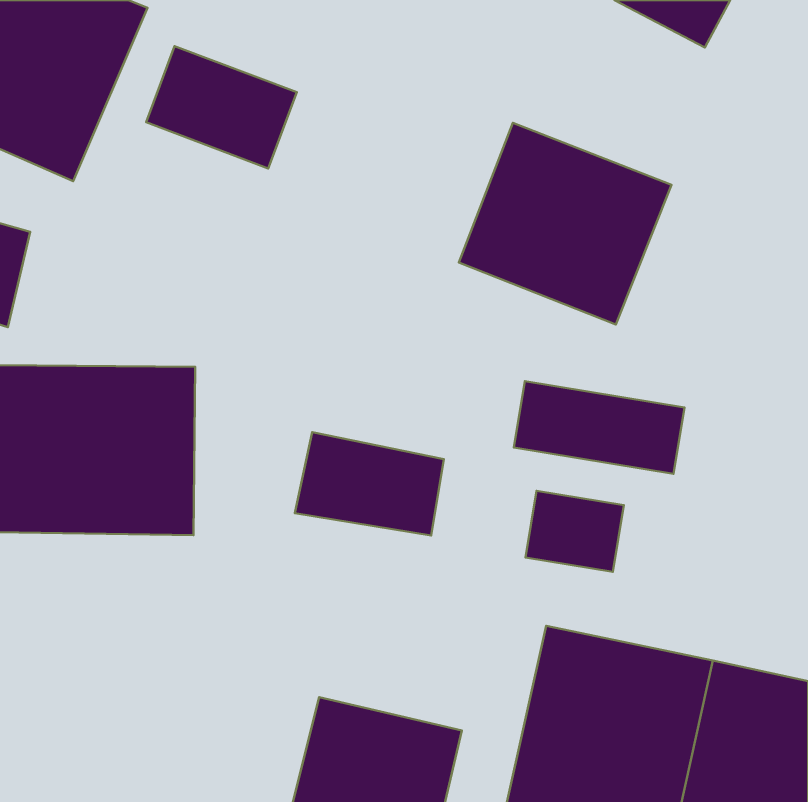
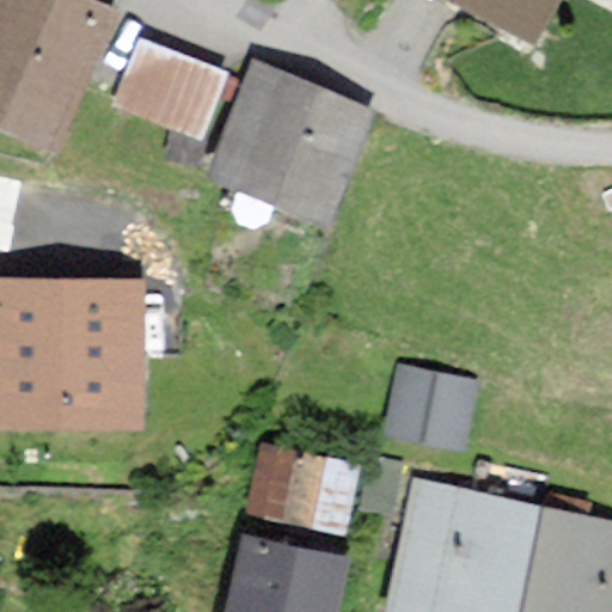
building: [459,123,672,324] -> [210,71,371,222]
building: [514,381,684,474] -> none
building: [295,432,444,536] -> [247,449,360,527]

